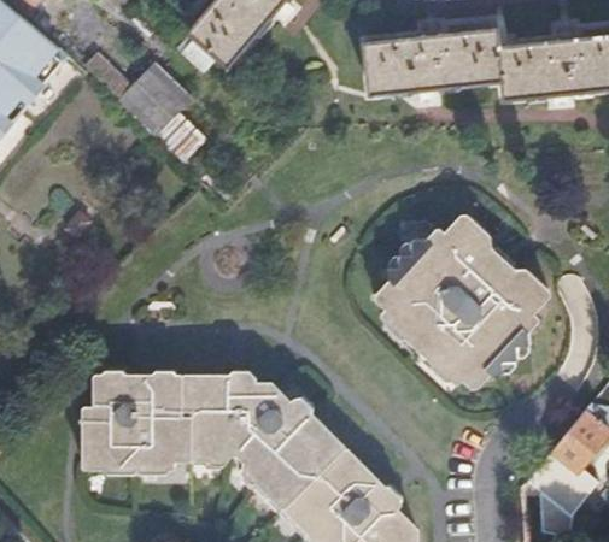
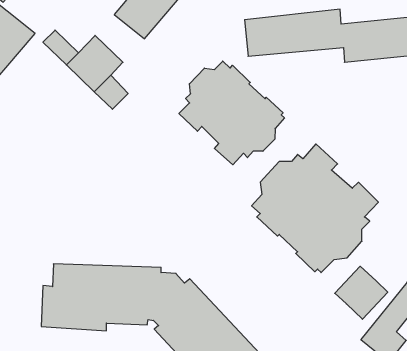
building: none -> [179,61,284,165]
building: none -> [335,266,388,319]

